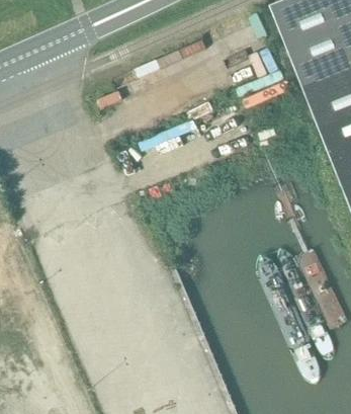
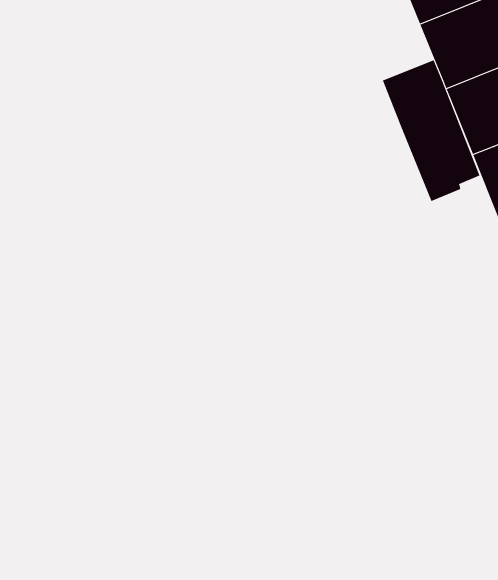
building: none -> [382,60,480,202]

